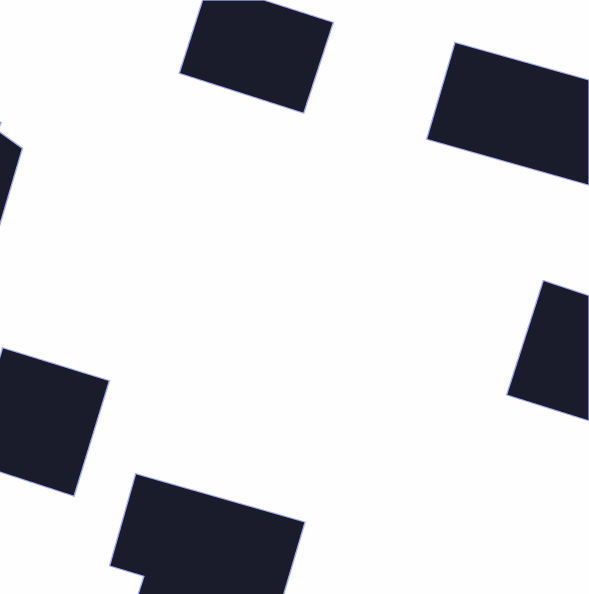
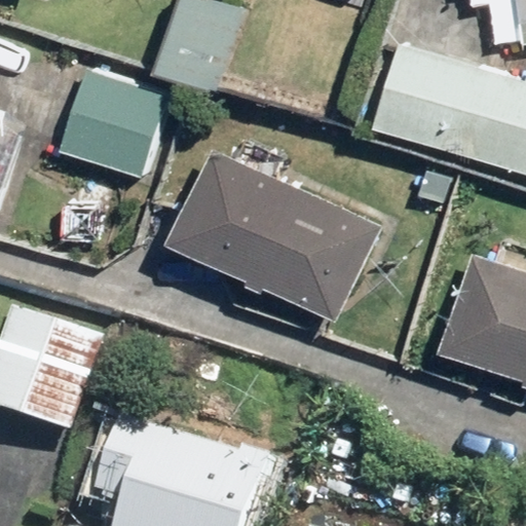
building: none -> [54,70,164,179]
building: none -> [167,147,383,321]

